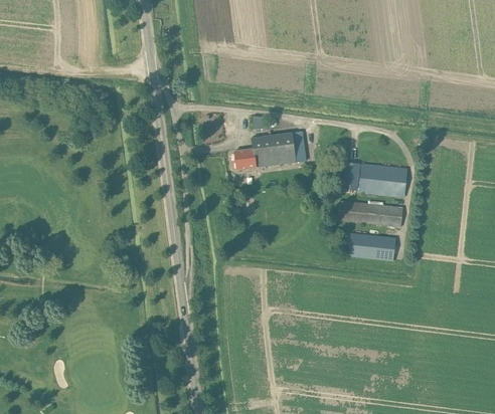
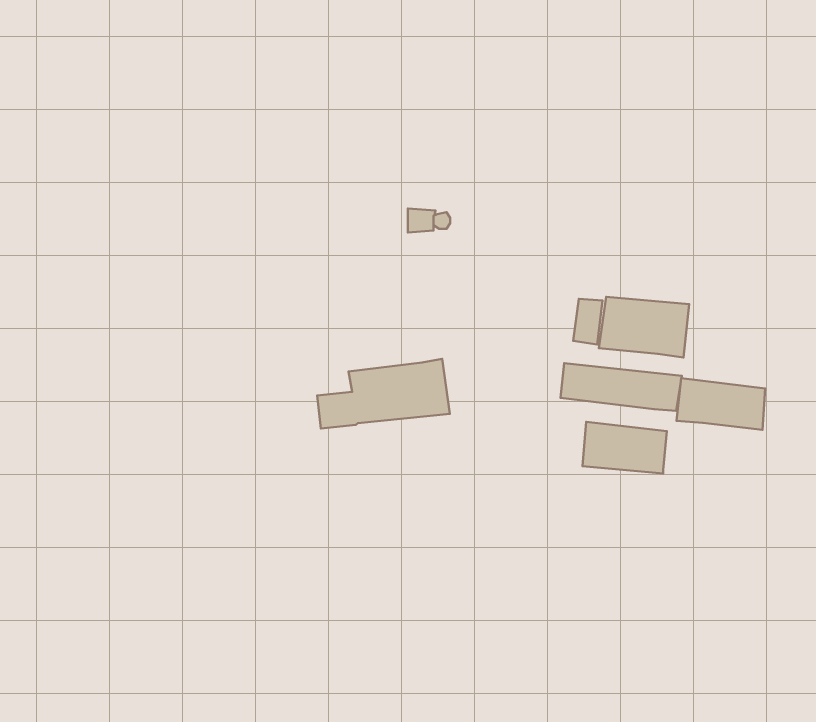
building: [234,131,307,169] -> [317,359,450,429]
building: none -> [677,378,765,430]

